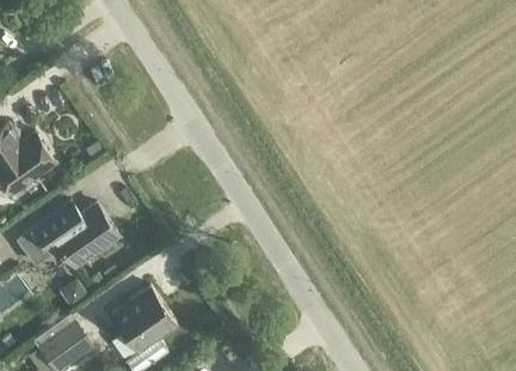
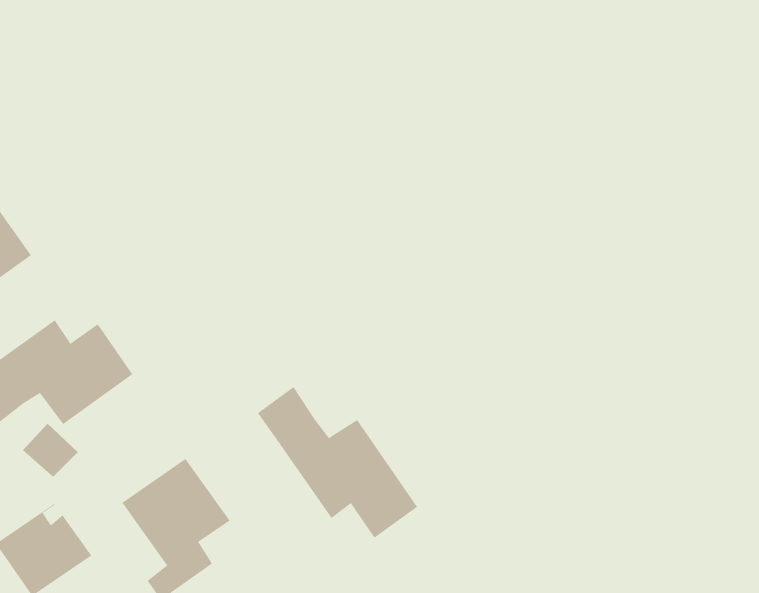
building: none -> [257,386,418,538]

